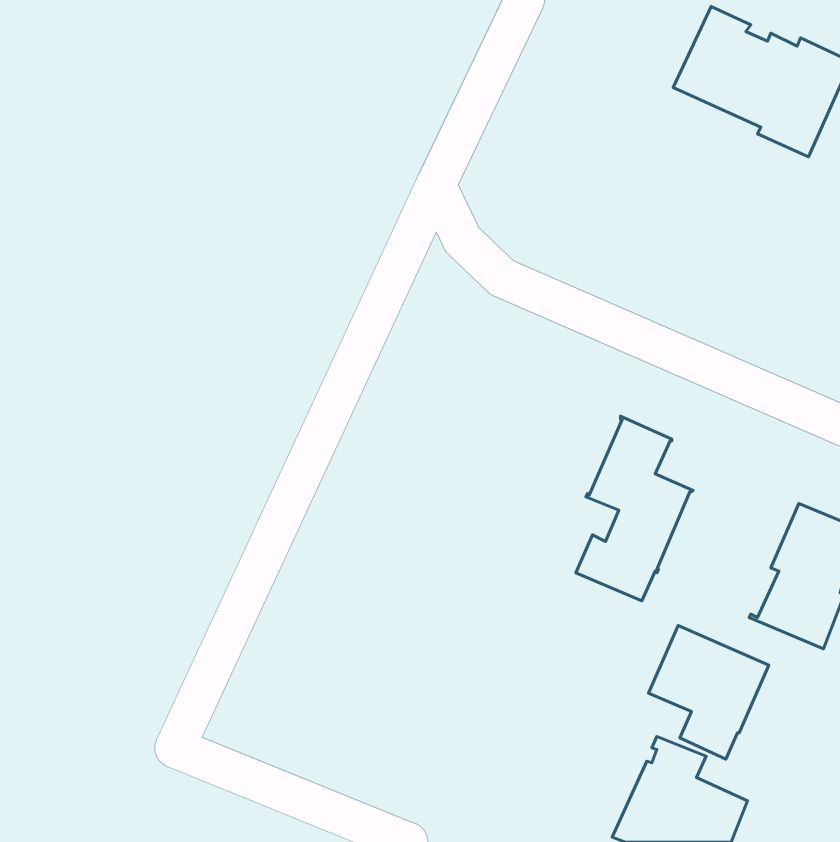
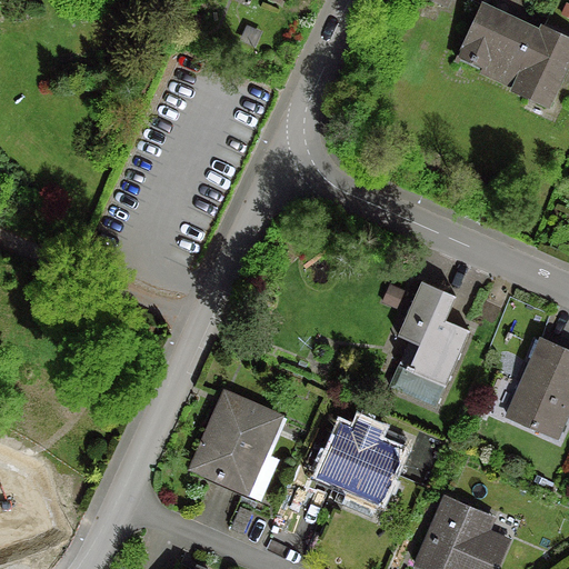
building: none -> [194,395,277,490]
building: [648,626,769,759] -> [319,427,400,517]

